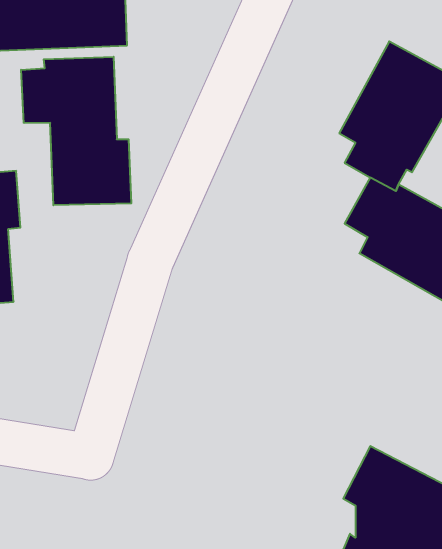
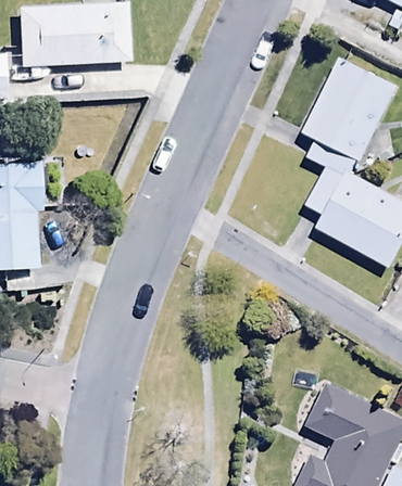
building: [21,57,131,205] -> none

